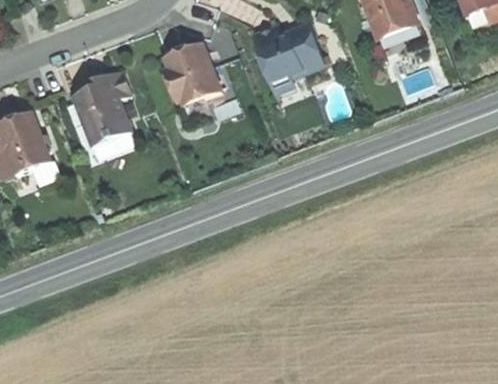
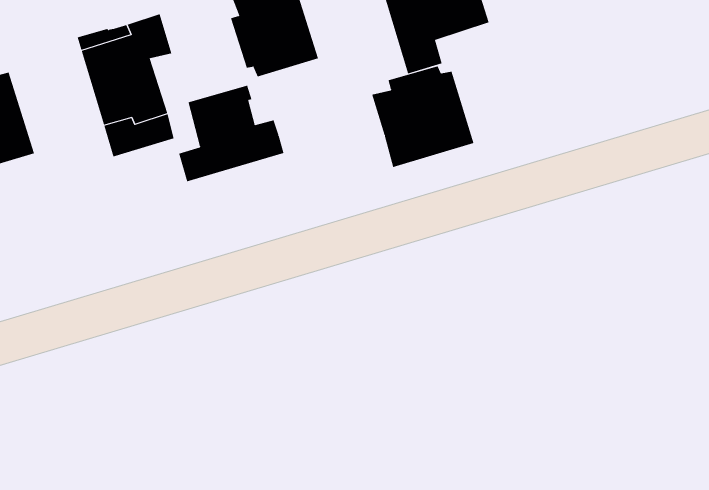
building: none -> [372,66,474,168]
building: none -> [179,85,284,182]

